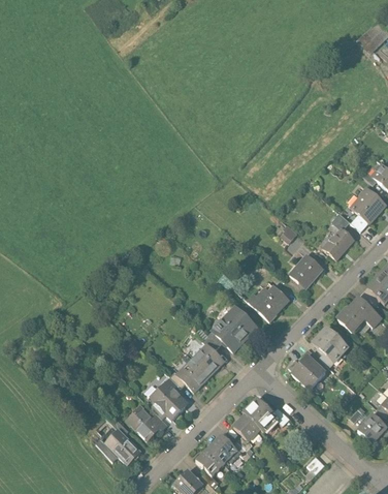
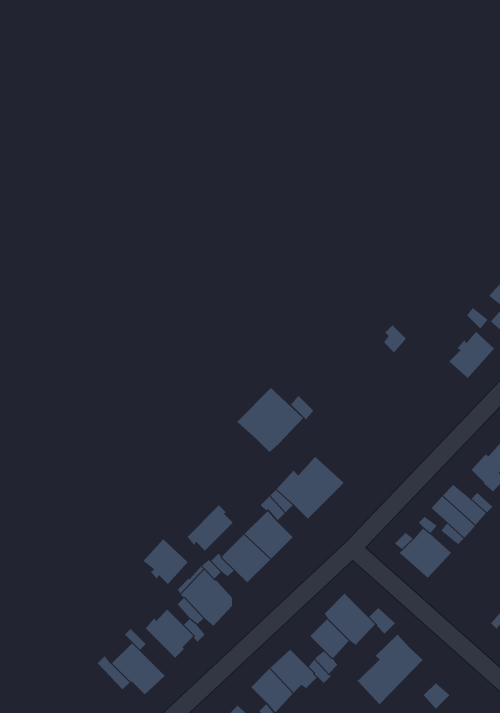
building: [290,254,323,287] -> none
building: none -> [236,387,304,453]
building: [256,286,289,321] -> none
building: none -> [187,505,234,551]
building: none -> [143,539,189,585]
building: none -> [354,634,423,705]

